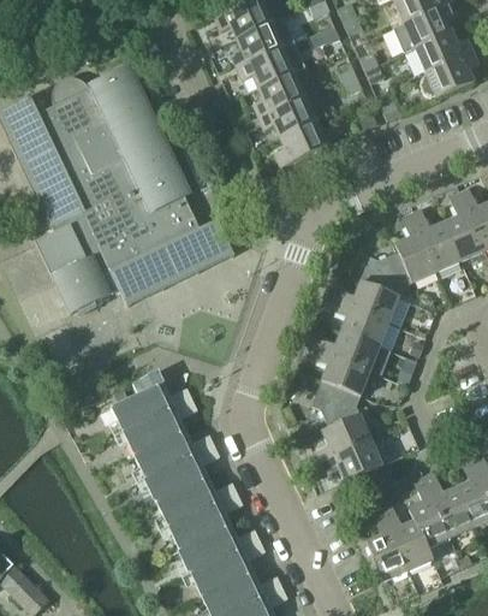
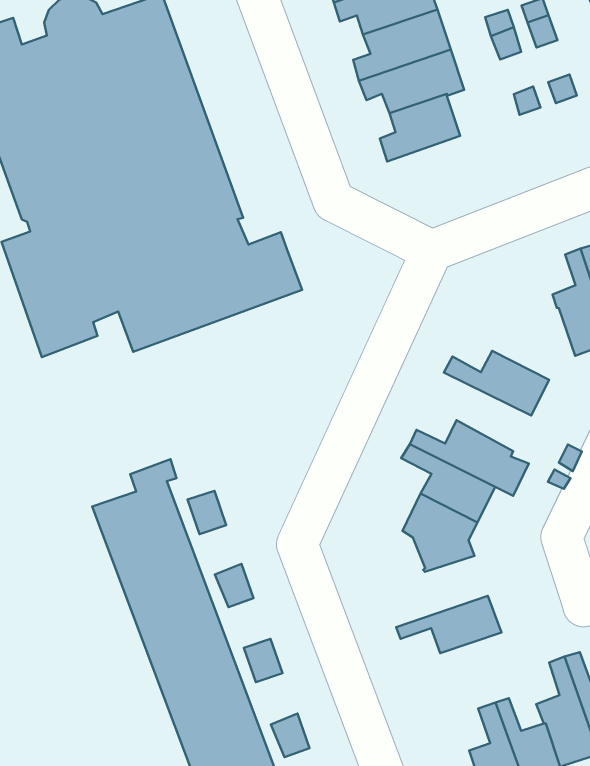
building: [361,251,415,298] -> none
building: [328,300,389,346] -> none
building: [309,416,371,467] -> none

